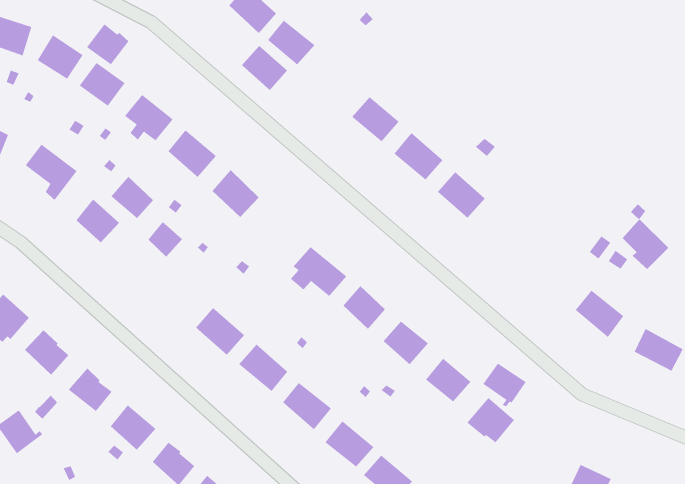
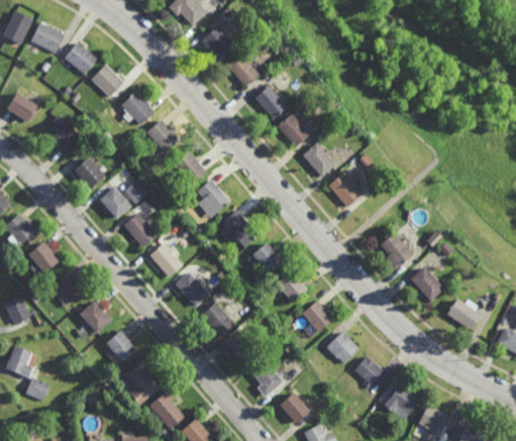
building: [86,24,129,65] -> none
building: [241,45,288,91] -> [253,85,285,117]
building: [110,176,154,219] -> [100,187,129,217]
building: [622,203,669,270] -> [380,221,411,267]
building: none -> [197,179,229,212]
building: none -> [123,213,156,246]
building: [483,363,527,407] -> [353,355,384,387]

